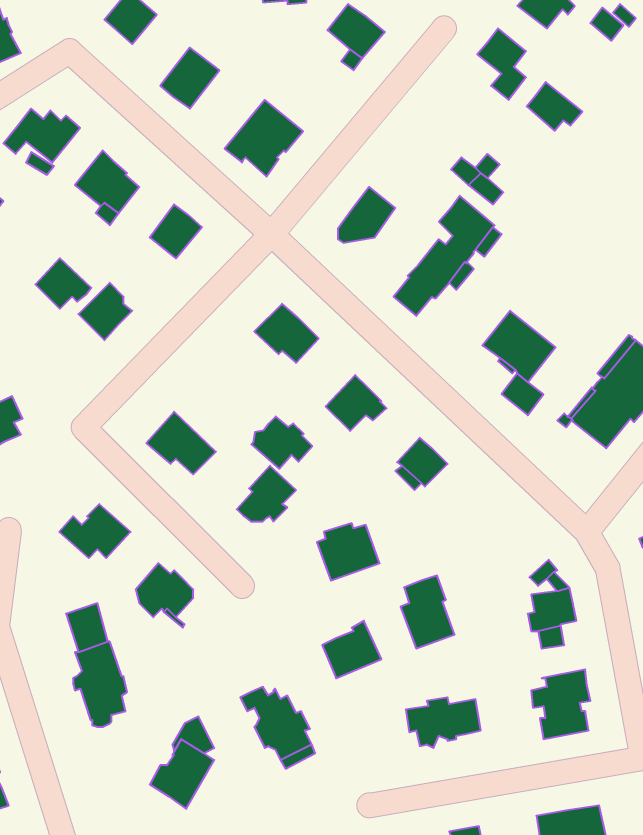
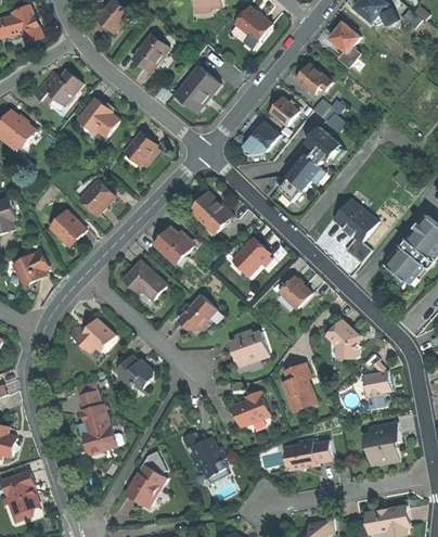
building: [527,82,582,131] -> [296,63,331,93]
building: none -> [269,97,298,126]
building: [35,258,91,309] -> [50,210,85,242]
building: [251,416,312,469] -> [154,227,192,259]
building: none -> [327,319,359,358]

